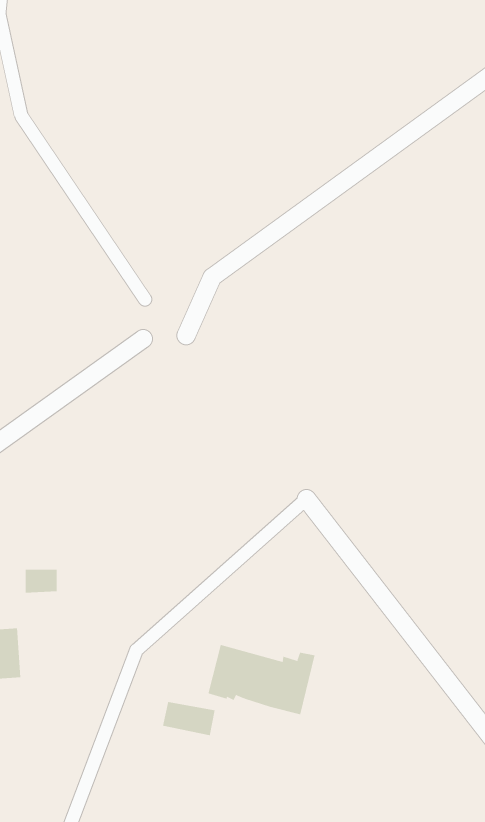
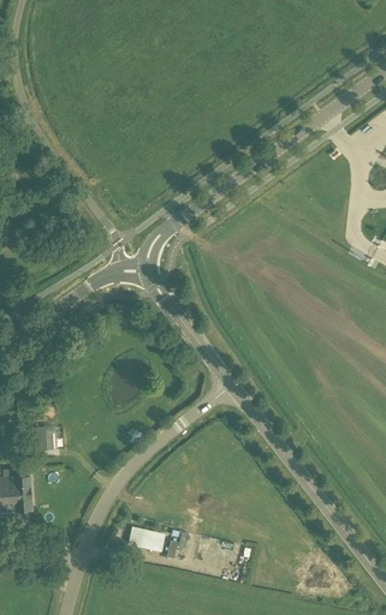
building: [208,644,315,715] -> none

